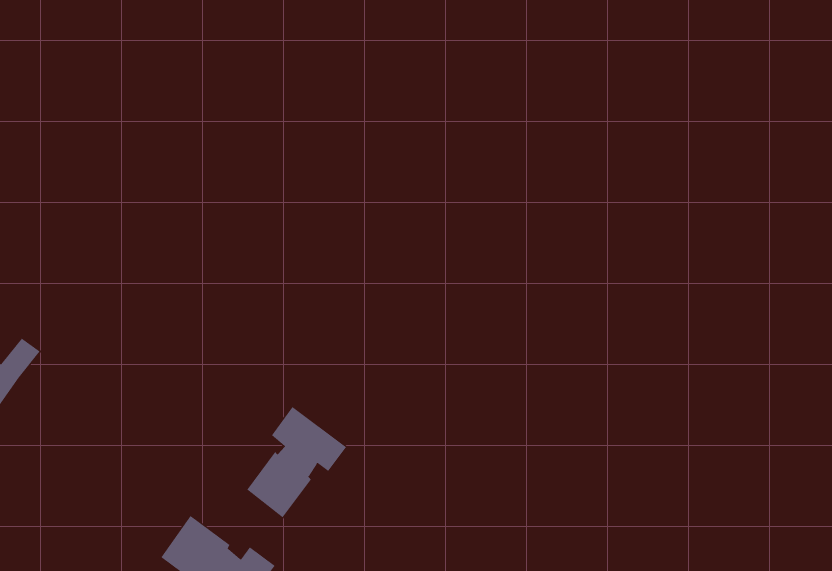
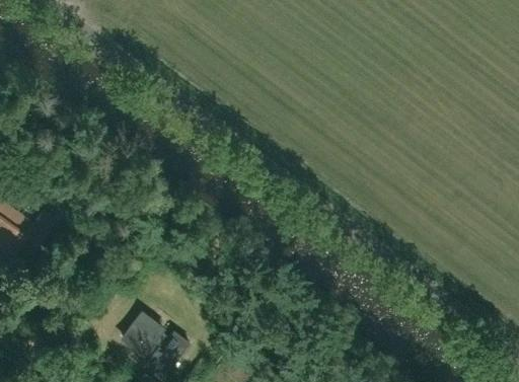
building: [246,406,347,518] -> none

